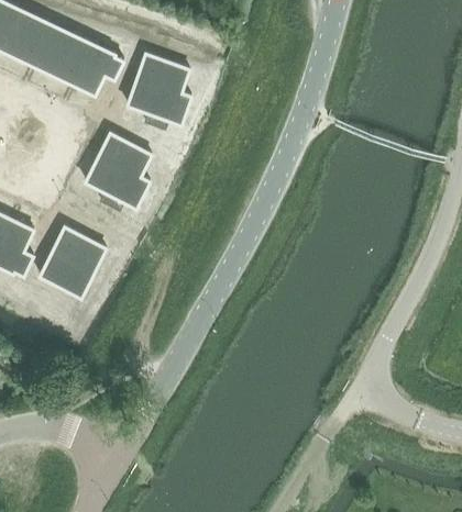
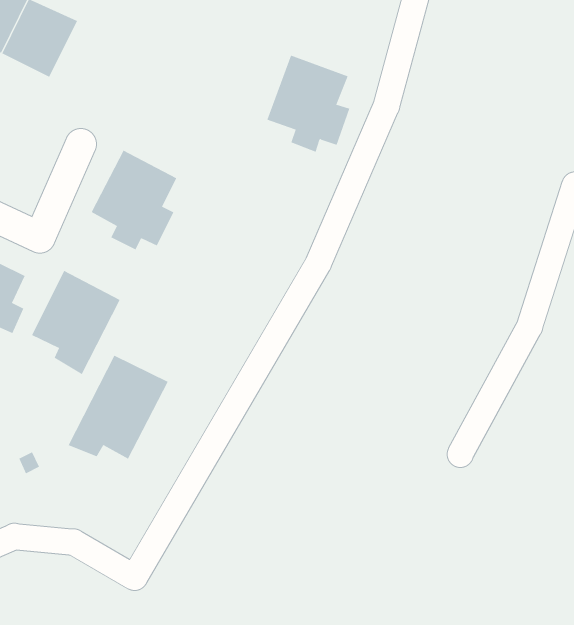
building: [52,32,117,96] -> none
building: [125,53,190,129] -> [267,55,350,153]
building: none -> [68,355,168,460]

